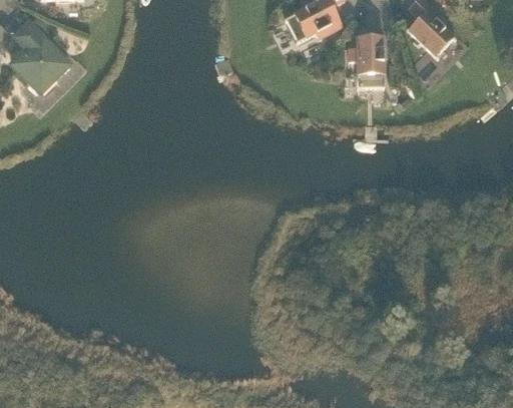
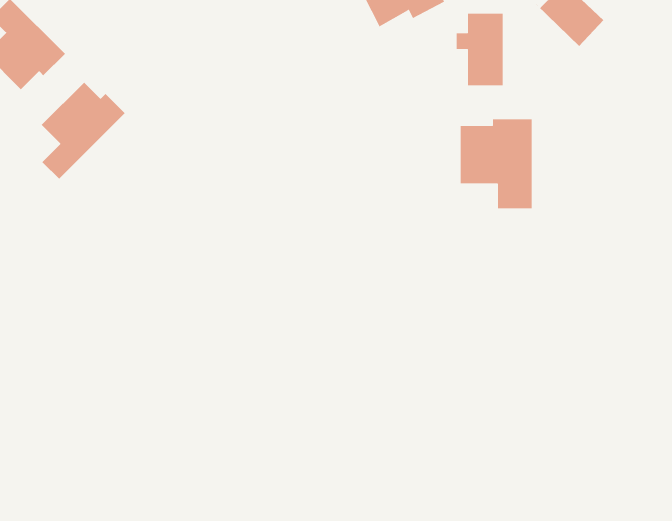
building: none -> [41,82,126,180]
building: none -> [460,118,532,209]

